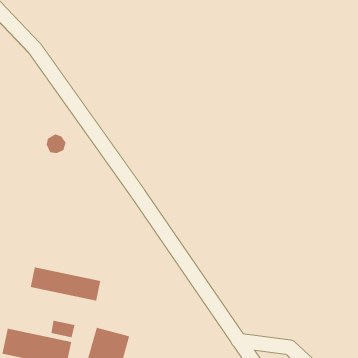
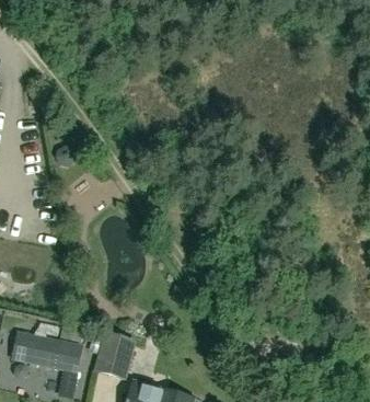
building: [30,266,101,302] -> none

